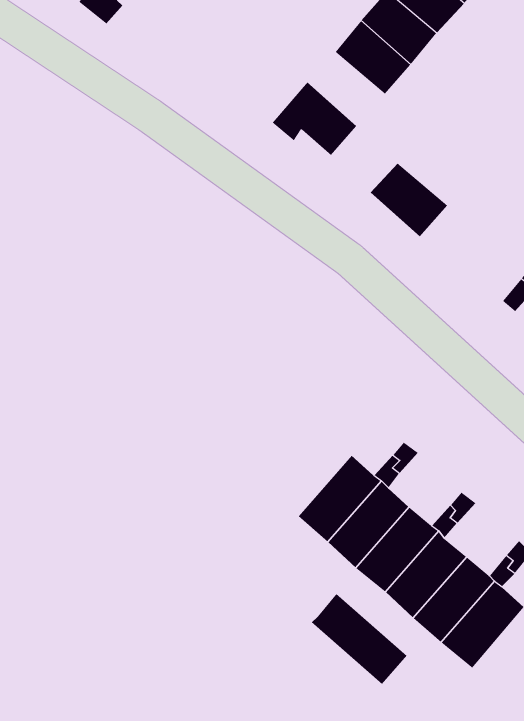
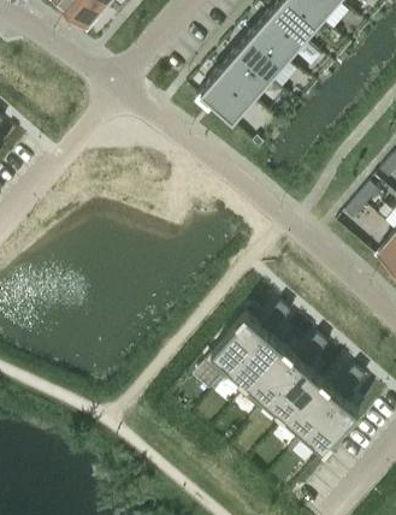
building: [370,163,448,237] -> [215,54,266,102]
building: [311,593,408,685] -> none

